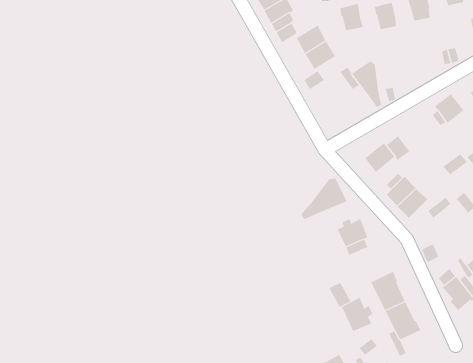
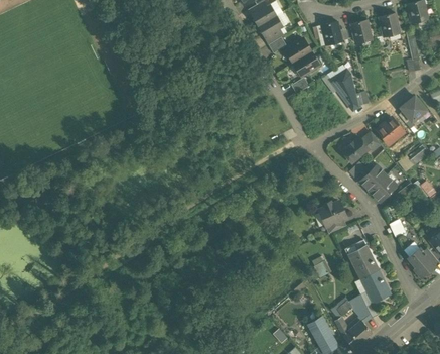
building: none -> [378,117,405,144]
building: [301,178,347,220] -> none
building: [341,297,373,332] -> none

